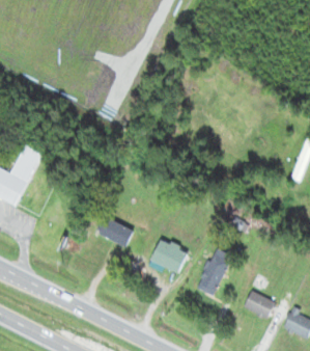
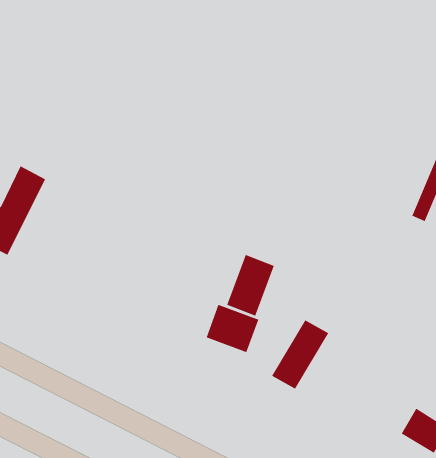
building: none -> [227,254,274,317]
building: [96,216,133,246] -> none
building: [244,291,275,319] -> none

